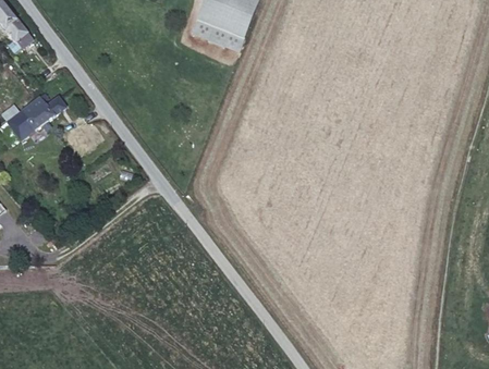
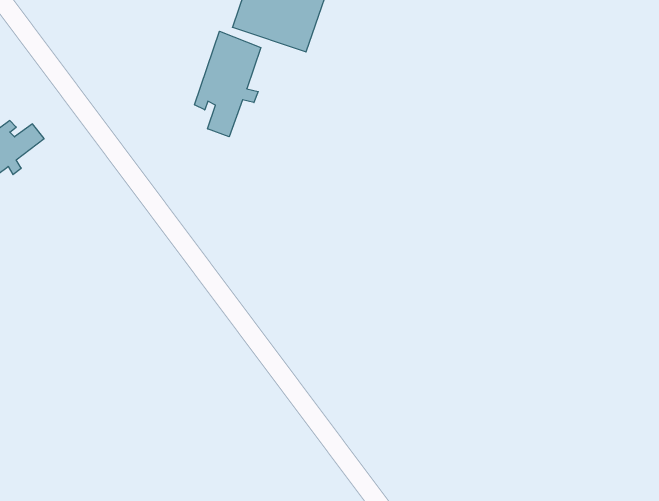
building: none -> [195,31,261,137]

